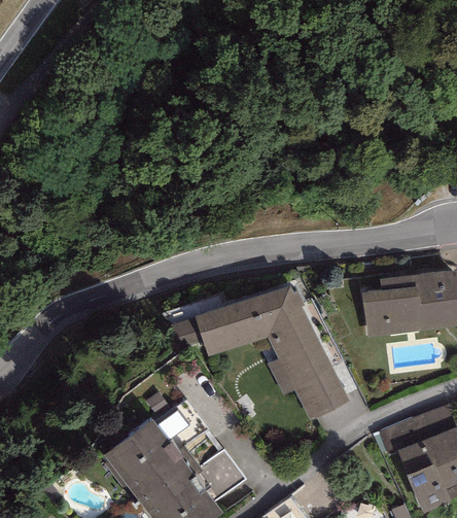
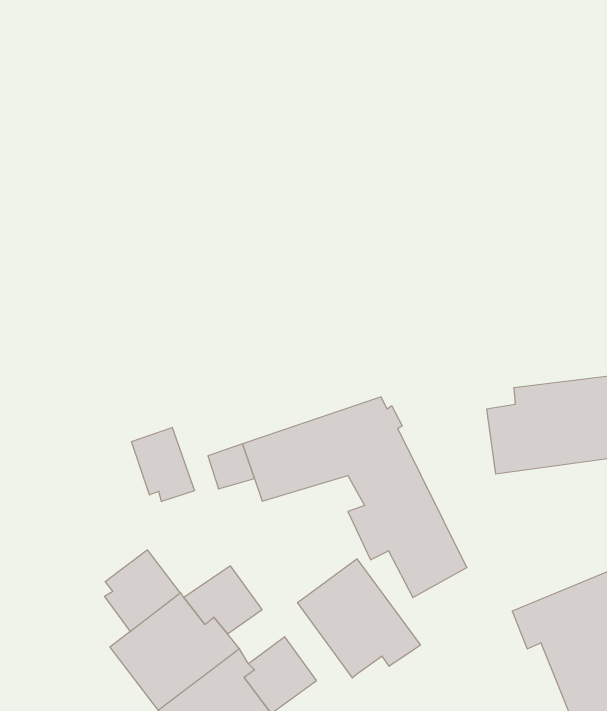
building: none -> [132,427,195,502]
building: none -> [104,550,180,632]
building: none -> [298,559,420,678]

